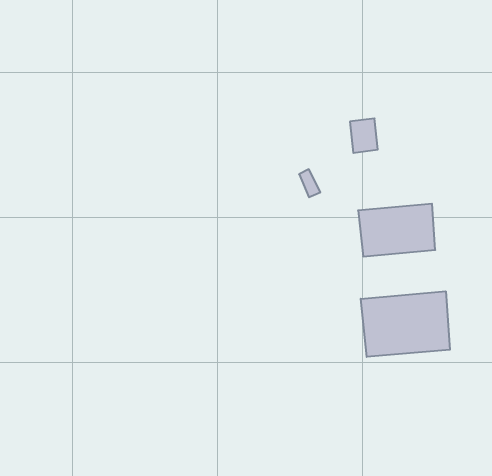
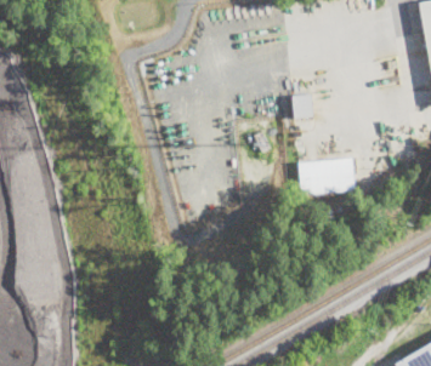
building: [361,291,450,357] -> none

